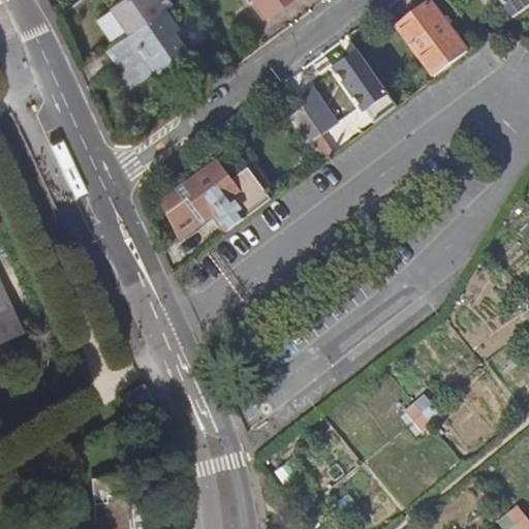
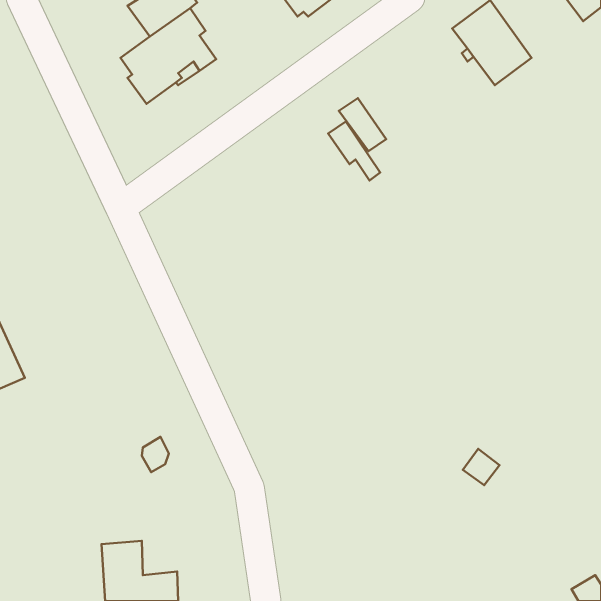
building: [335,51,386,108] -> none
building: [163,162,270,237] -> none

